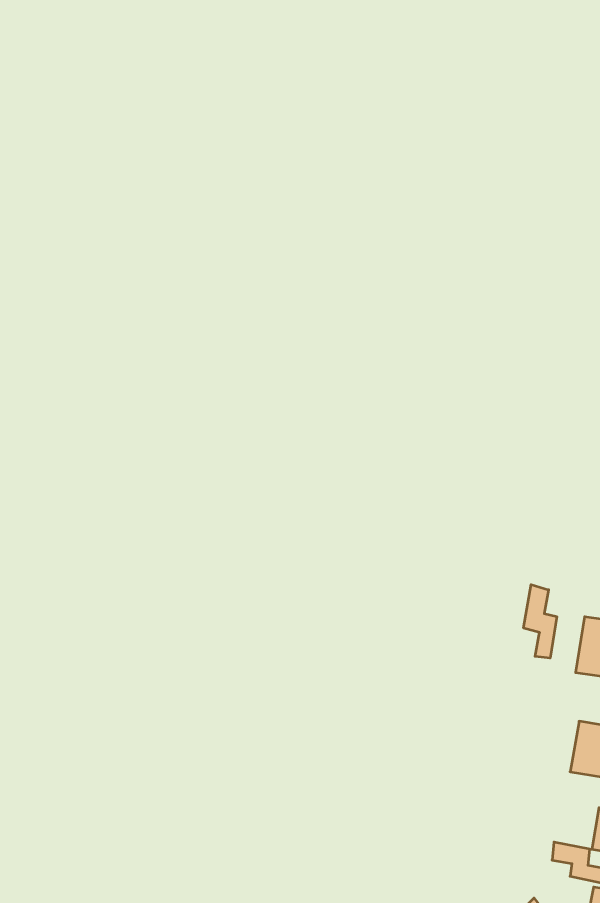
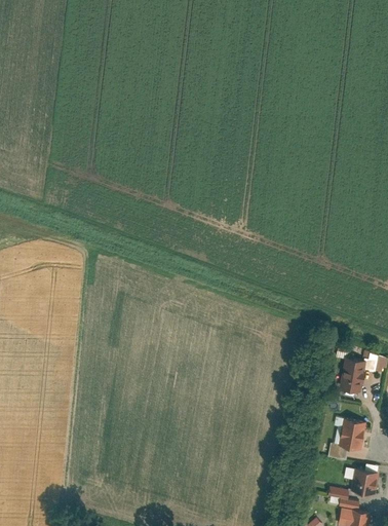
building: [524,585,557,658] -> none

